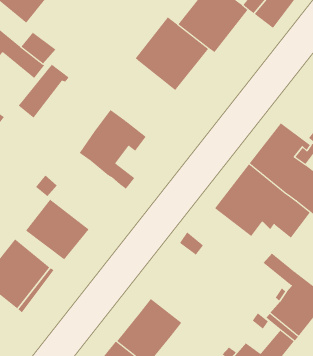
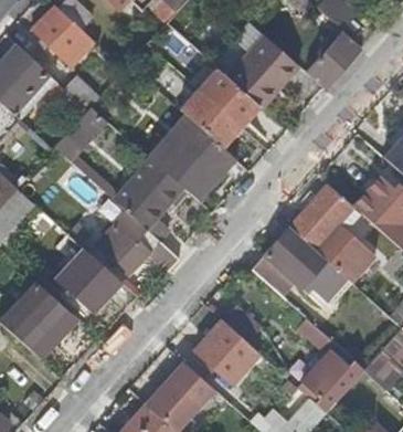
building: none -> [146,114,234,200]
building: none -> [95,212,178,275]
building: none -> [193,318,257,381]

